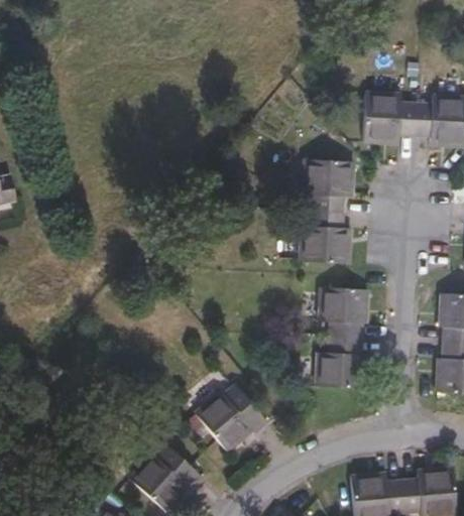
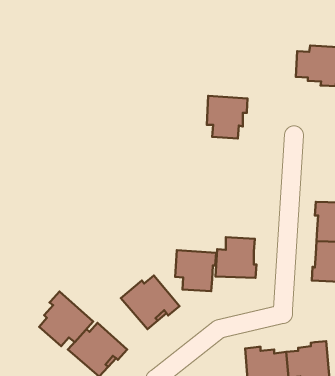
building: [362,92,416,142] -> none
building: [299,211,349,263] -> none
building: [317,287,368,339] -> [175,250,216,291]
building: none -> [39,292,93,346]

